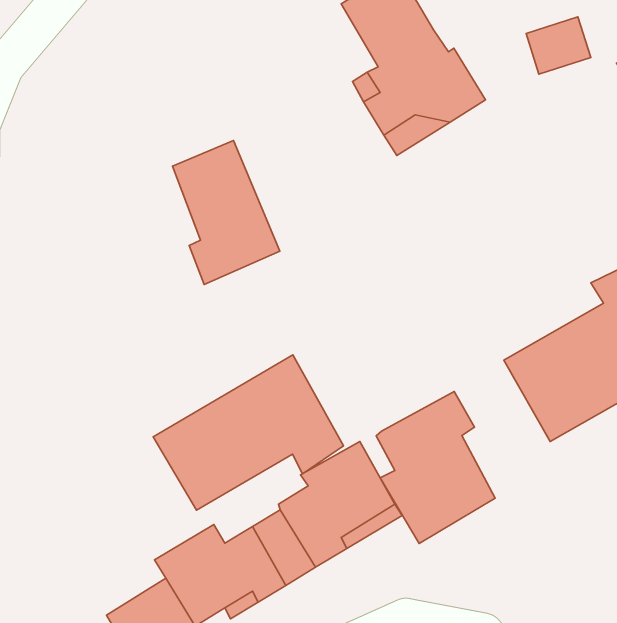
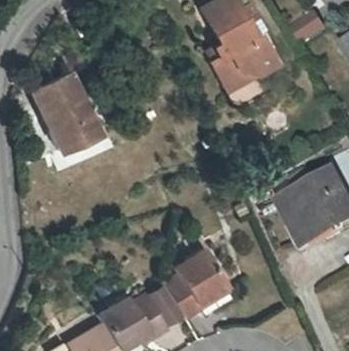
building: [173,140,280,284] -> [38,73,97,152]
building: [153,355,343,510] -> none
building: [376,391,495,543] -> none

